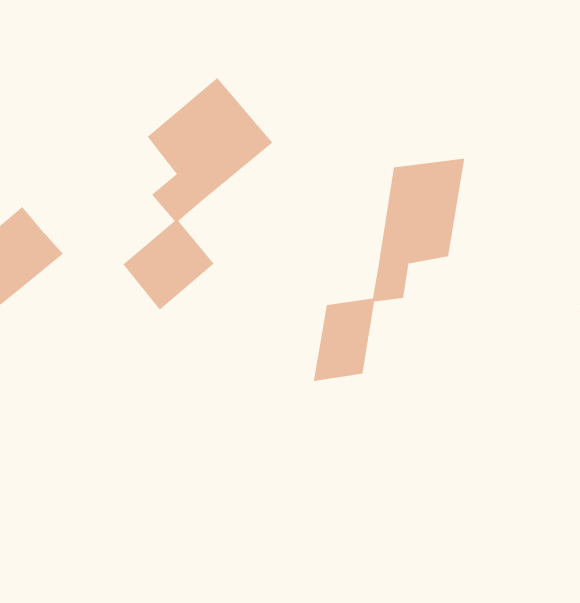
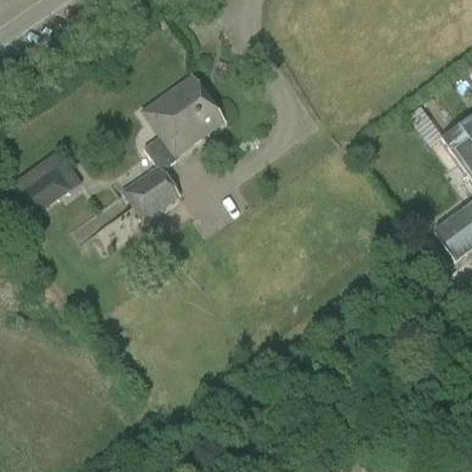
building: [313,158,465,382] -> none

